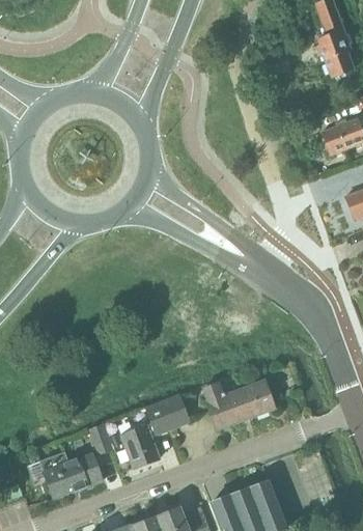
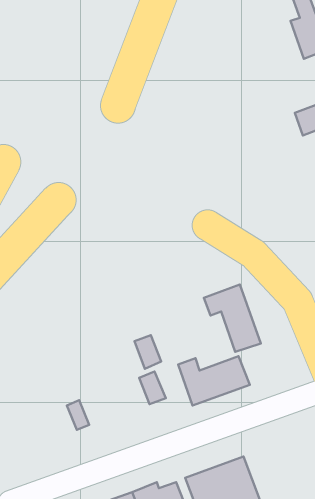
building: none -> [204,285,261,352]
building: [146,400,173,435] -> [135,335,161,369]
building: [121,424,160,467] -> none
building: [40,451,103,497] -> none

